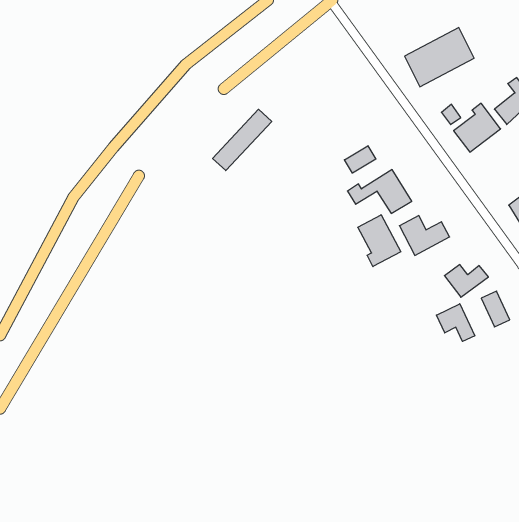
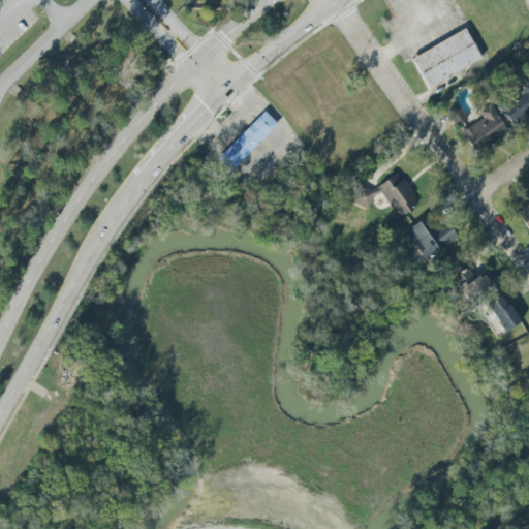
building: [344,146,376,173] -> none
building: [358,215,401,267] -> none
building: [436,304,475,341] -> none

